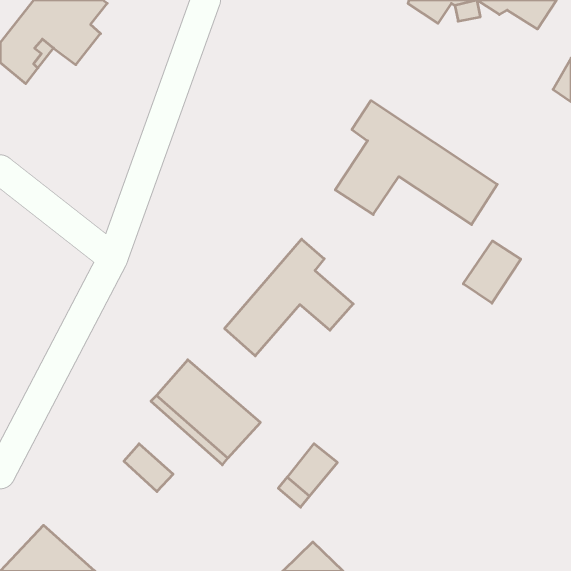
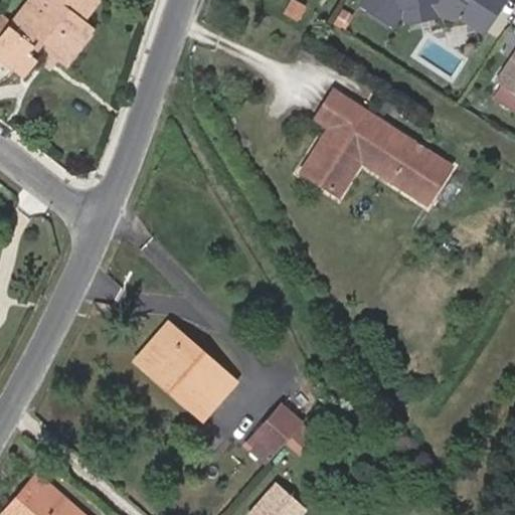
building: [225,239,353,356] -> none
building: [463,241,521,303] -> none
building: [124,444,173,492] -> none

